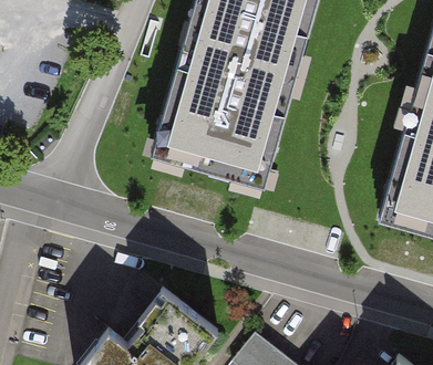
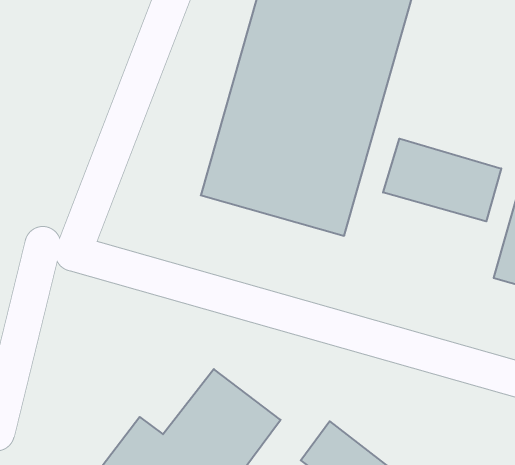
building: none -> [383,139,501,221]

